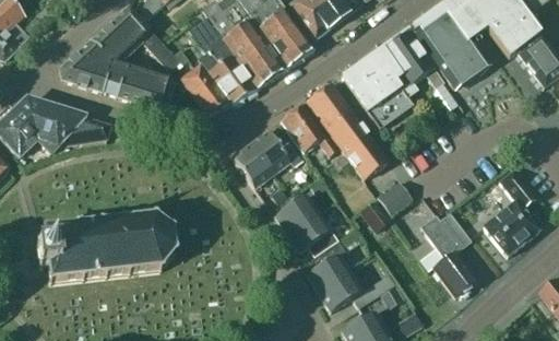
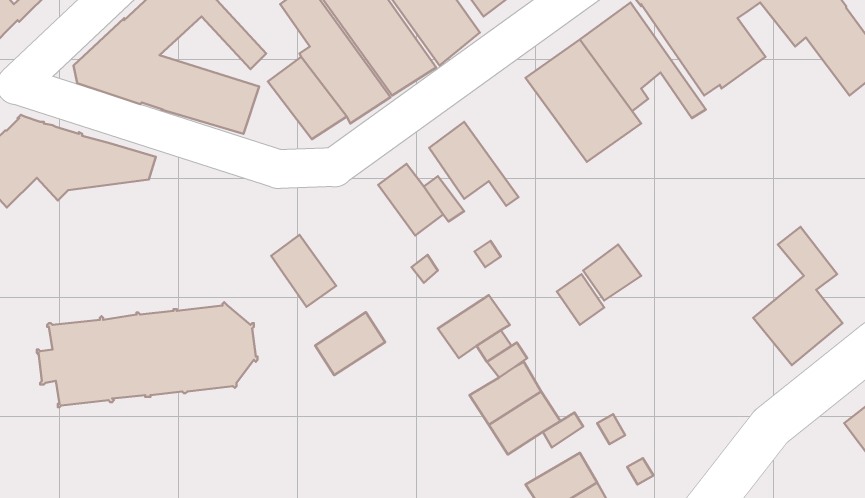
building: [305,83,388,177] -> none
building: [231,142,272,187] -> [271,235,336,307]
building: [274,192,318,232] -> [315,312,385,375]
building: [420,211,476,296] -> none

